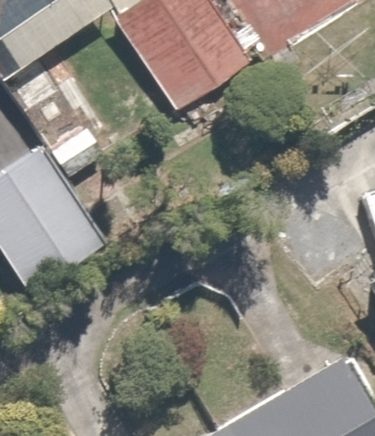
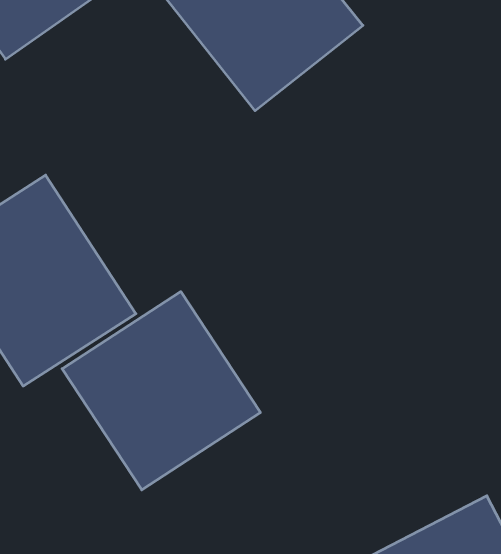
building: none -> [62,292,260,490]

